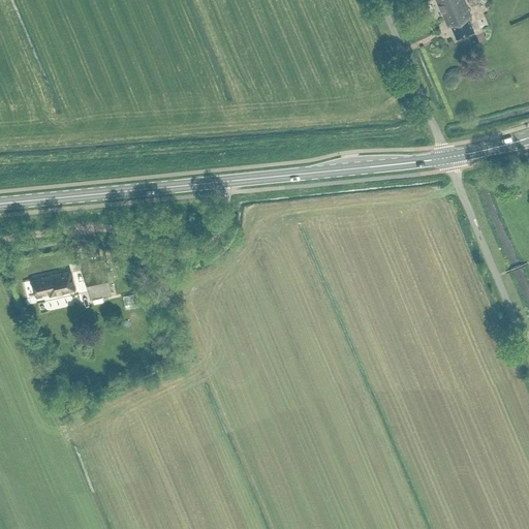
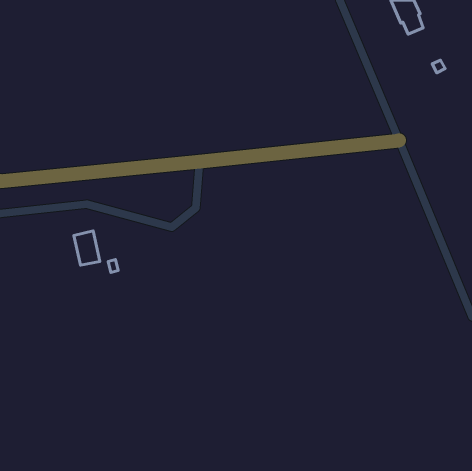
building: [32,271,74,295] -> none

